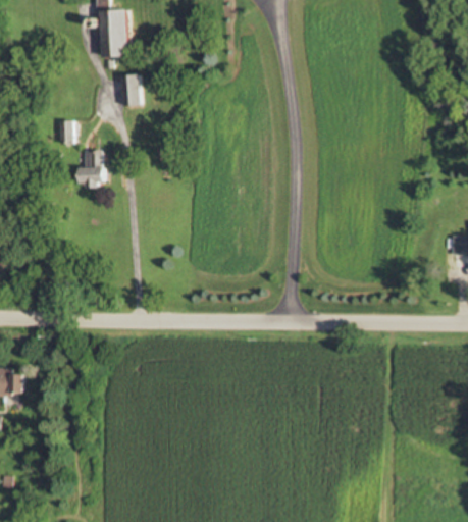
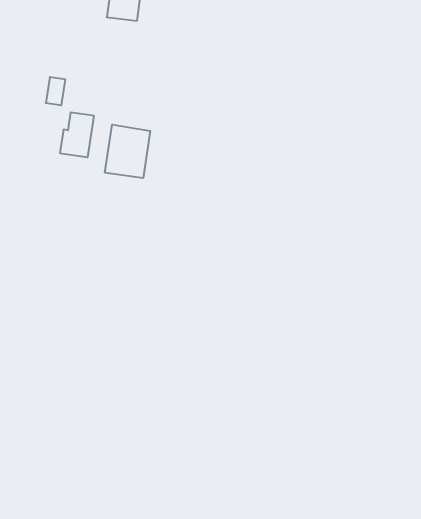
building: [122,75,139,105] -> none
building: none -> [105,125,150,178]

